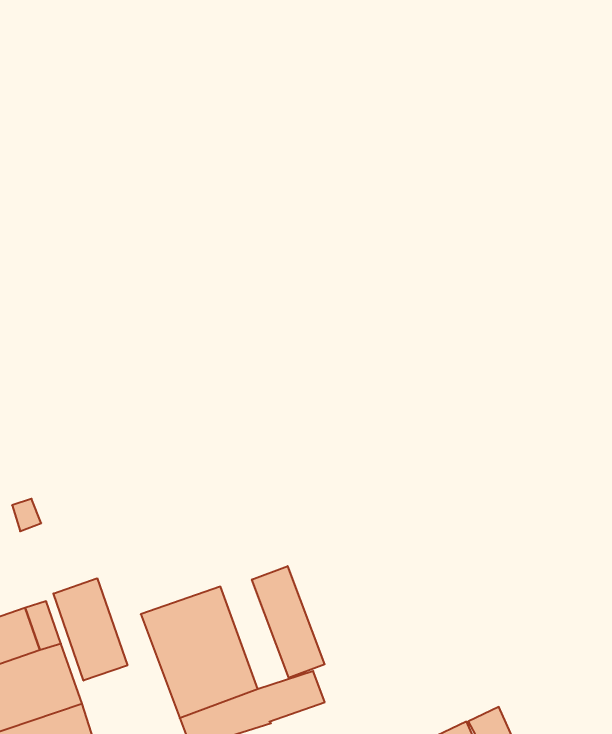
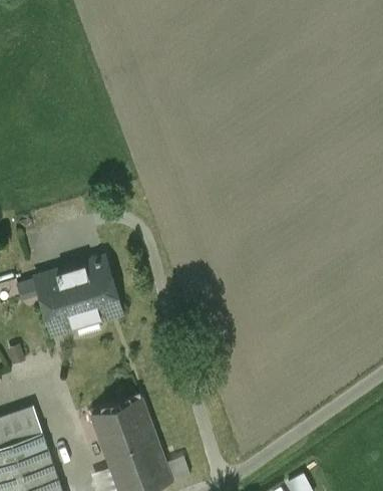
building: none -> [17,261,115,332]
building: [252,566,325,678] -> none
building: [53,578,127,681] -> none

